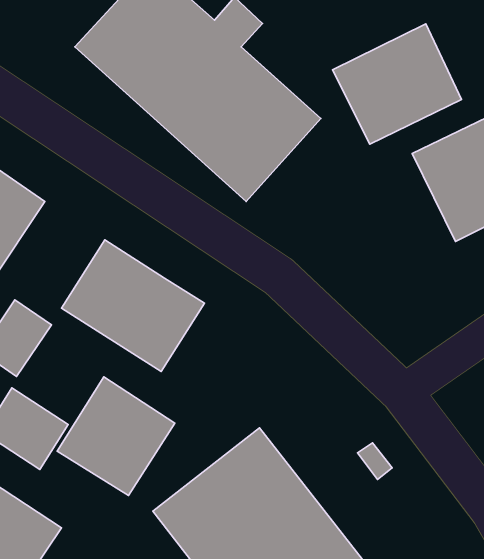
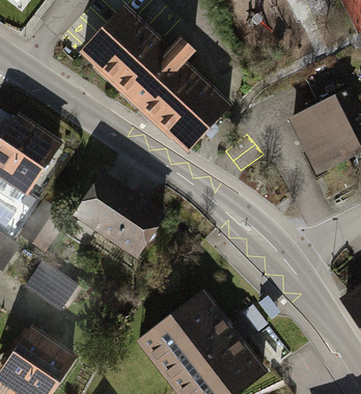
building: [332,24,462,144] -> none
building: [57,377,175,495] -> none

